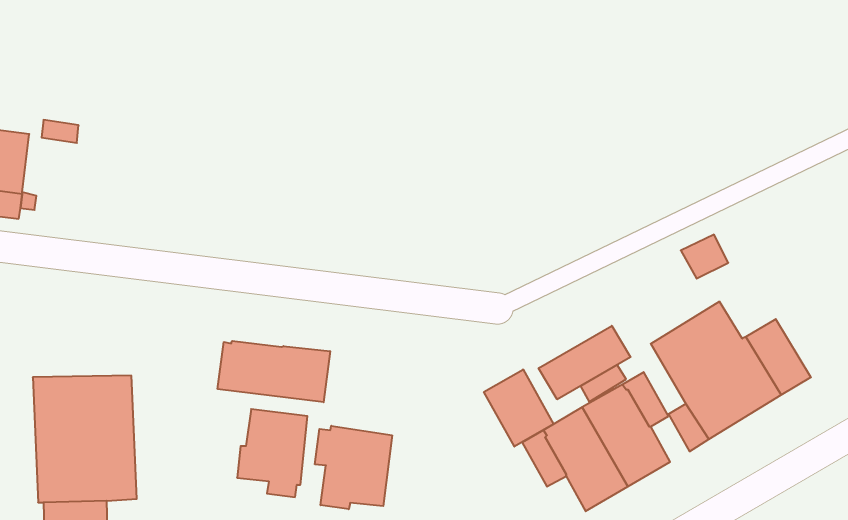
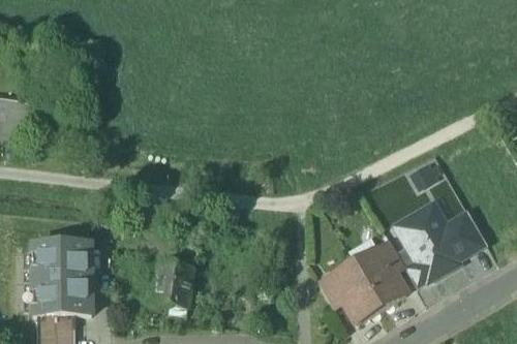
building: [539,326,631,399] -> none
building: [218,341,330,402] -> none
building: [484,369,554,447] -> none
building: [315,426,392,509] -> none

